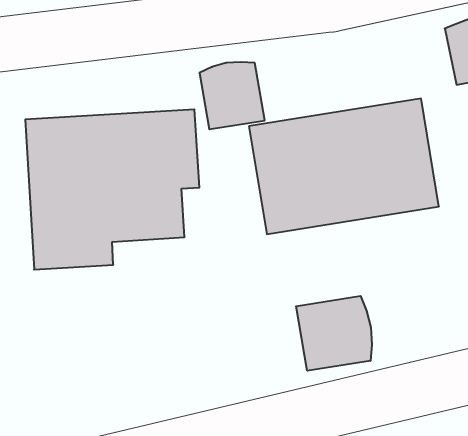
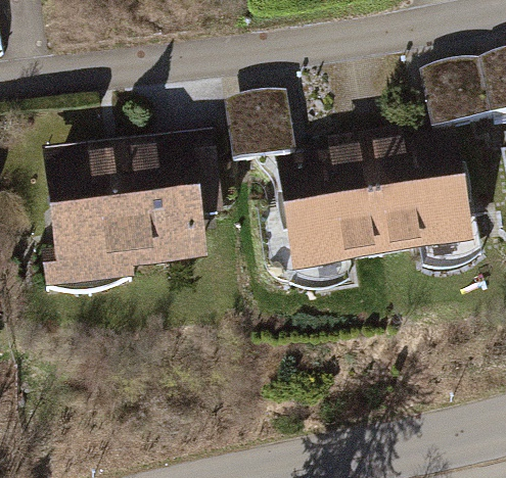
building: none -> [420,54,489,125]
building: [296,296,372,371] -> none

